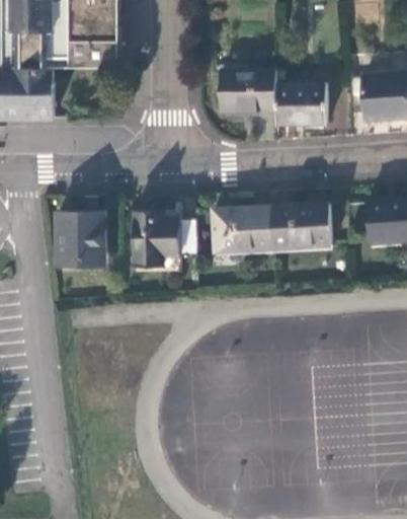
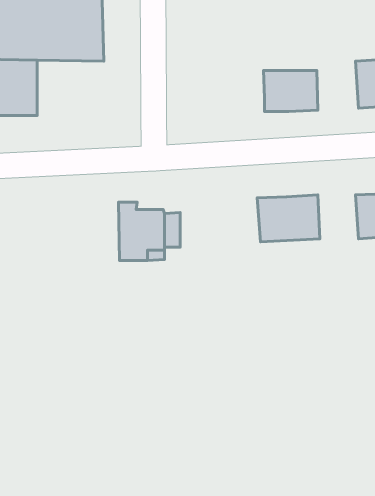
building: [221,70,276,109] -> none
building: [212,206,272,250] -> none
building: [57,210,103,265] -> none

